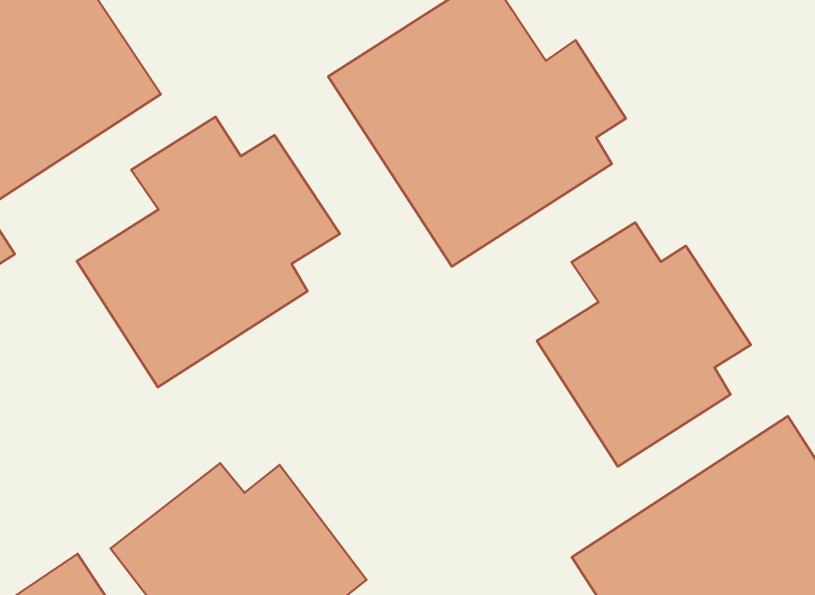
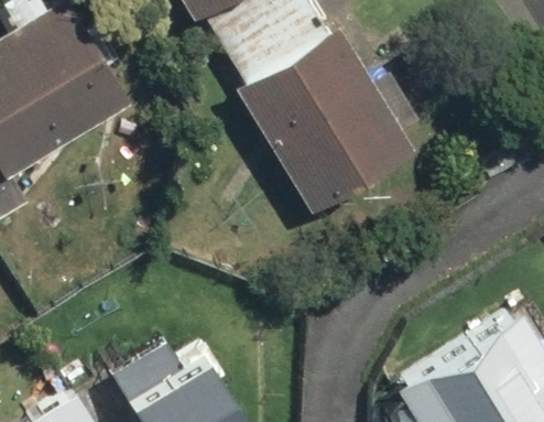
building: [77,117,340,387] -> none
building: [537,223,751,467] -> none

